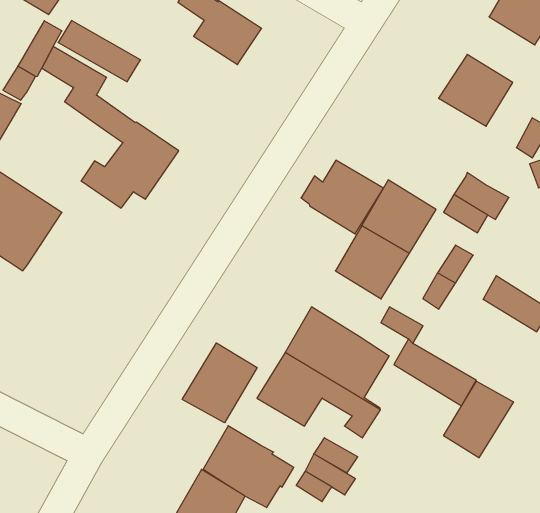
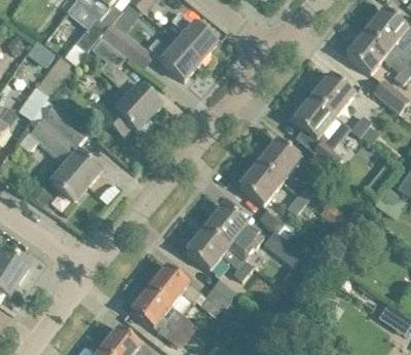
building: none -> [148,37,200,79]
building: [301,160,383,234] -> [289,95,336,139]
building: none -> [51,147,101,200]
building: [182,343,257,423] -> none
building: [444,381,513,458] -> none

